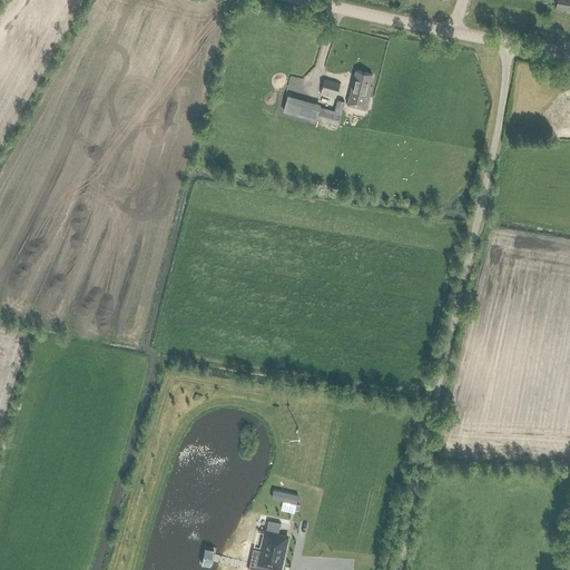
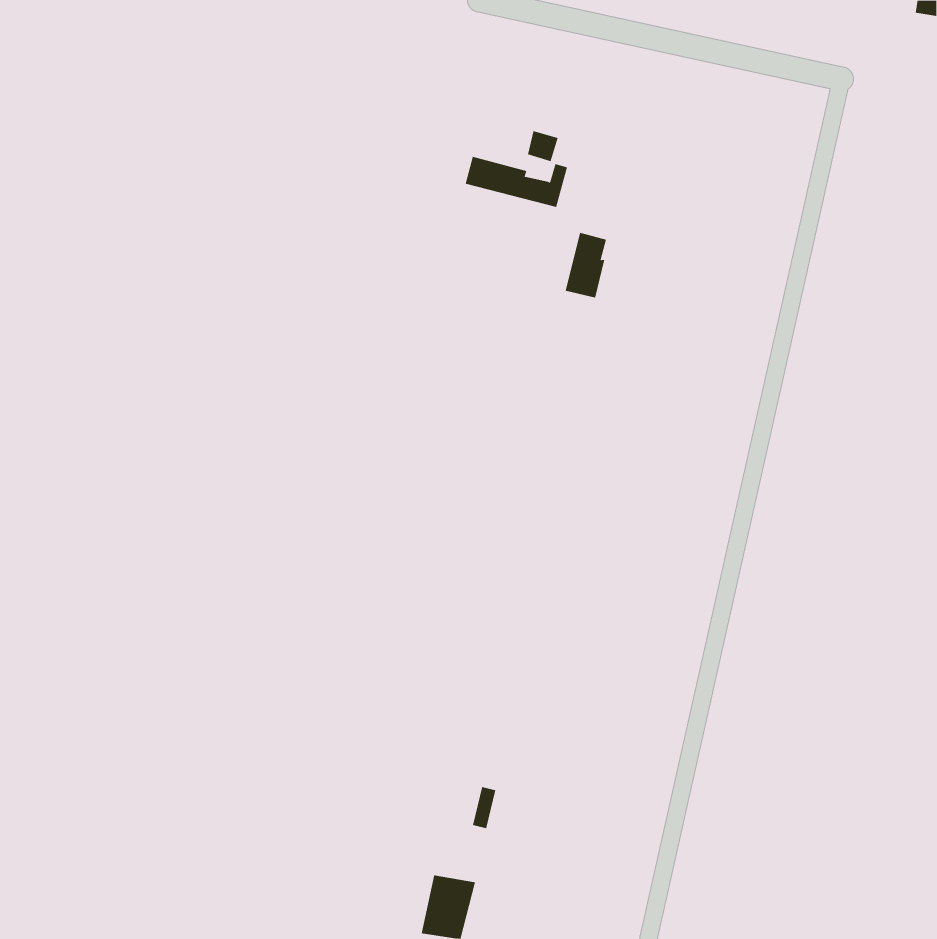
building: [346,70,372,110] -> [565,232,607,298]

